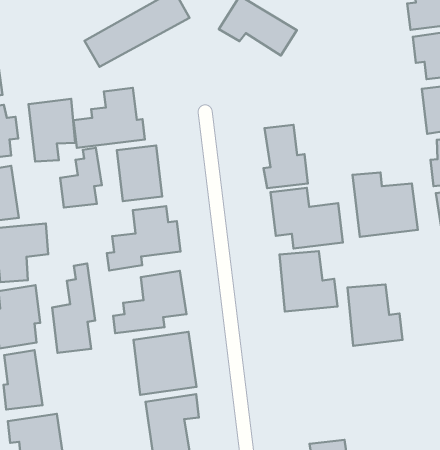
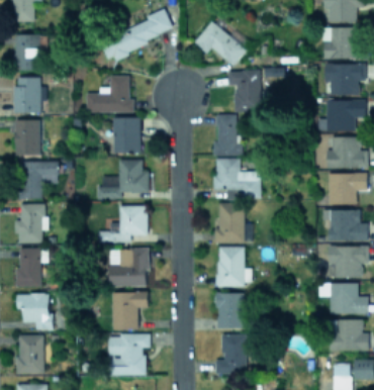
building: none -> [228,70,262,112]
building: [28,99,75,162] -> none
building: [60,148,102,208] -> none
building: [352,172,418,237] -> none
building: [52,264,95,353] -> none
building: [348,284,402,346] -> [216,246,251,286]
building: none -> [216,292,245,328]

